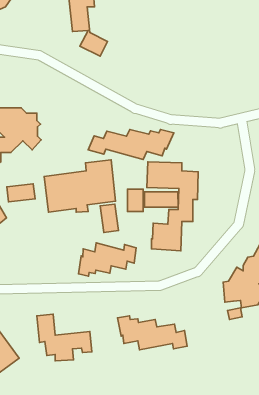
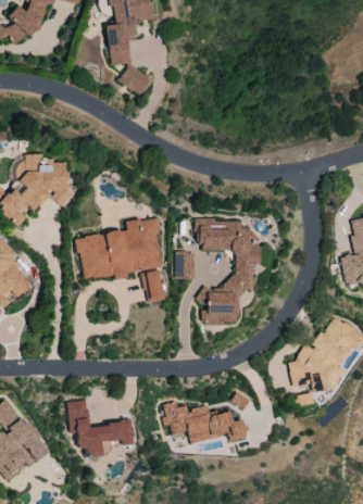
building: [88,129,174,160] -> none
building: [7,184,35,202] -> none
building: [144,192,178,207] -> none
building: [78,243,136,276] -> none

